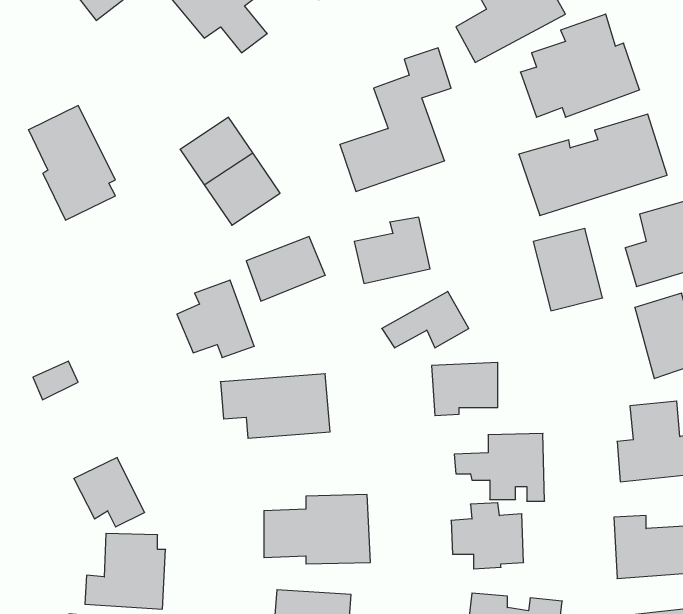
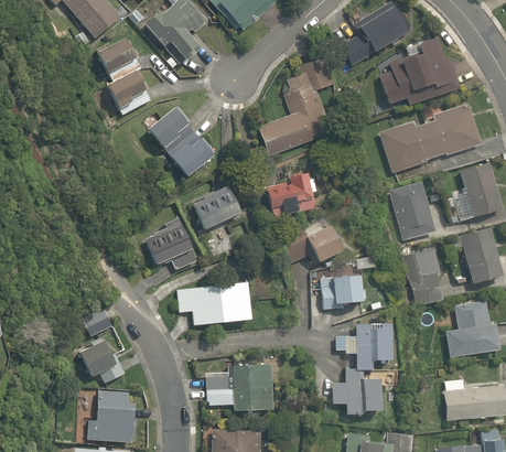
building: [28,106,115,220] -> [94,36,153,115]
building: none -> [403,248,446,304]
building: [33,361,78,400] -> [80,309,111,335]

